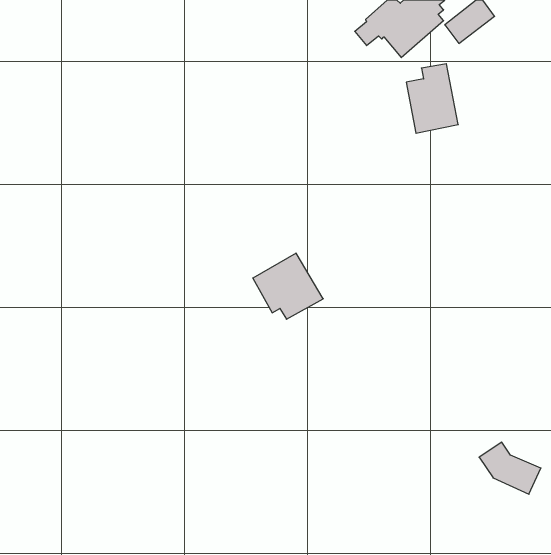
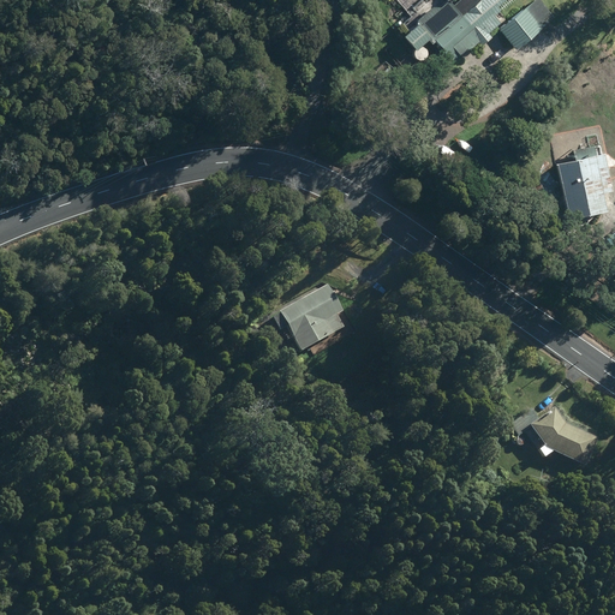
building: [406,64,458,133] -> [550,142,608,219]
building: [479,442,541,494] -> [535,408,603,466]

